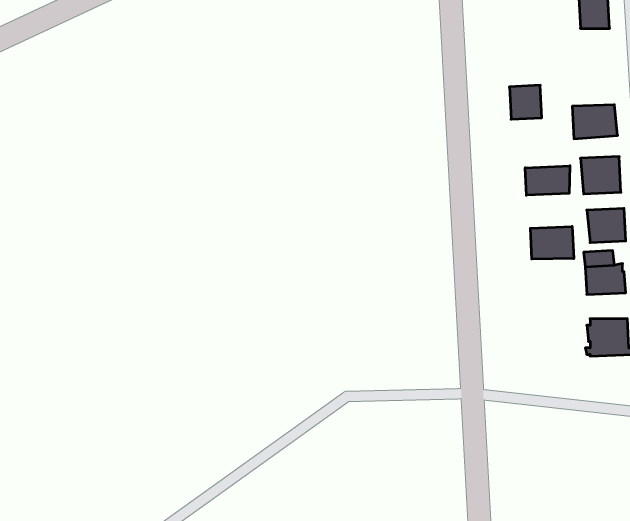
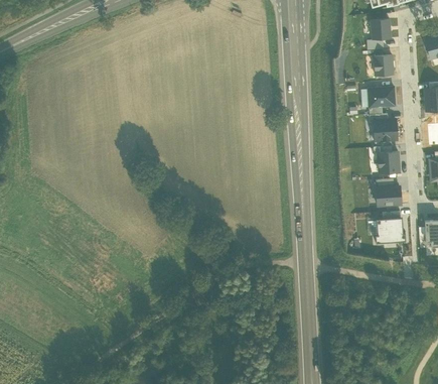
building: [509,85,542,119] -> [374,53,394,75]
building: [525,166,570,195] -> none
building: [530,226,574,259] -> none

